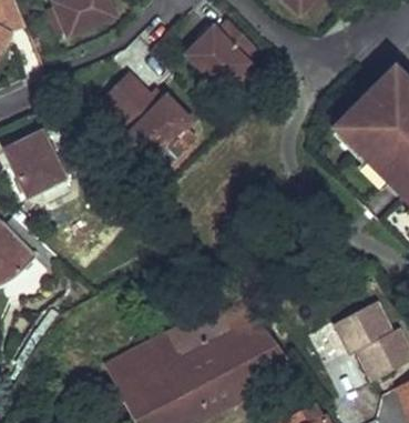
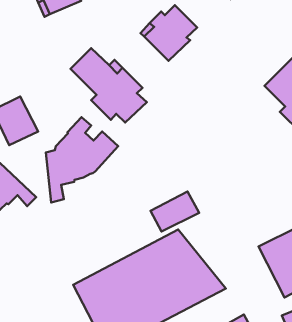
building: none -> [46,117,118,202]
building: none -> [150,191,199,232]

